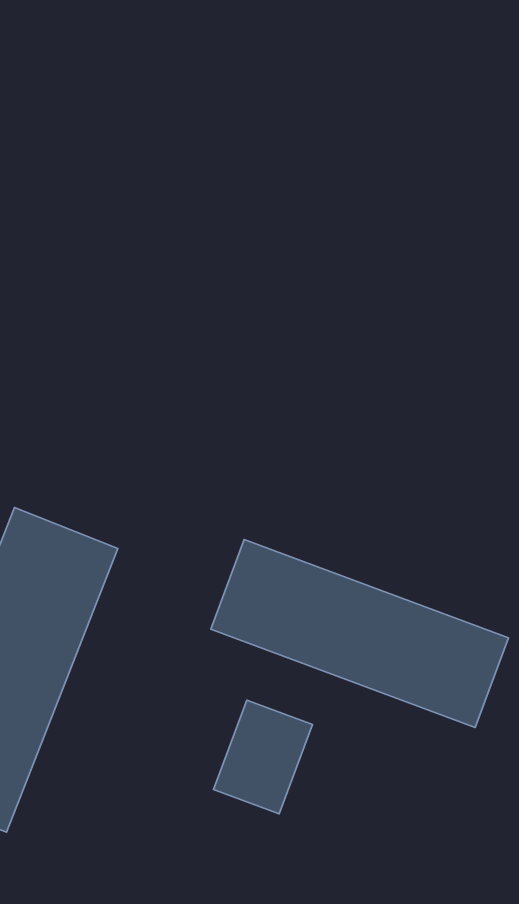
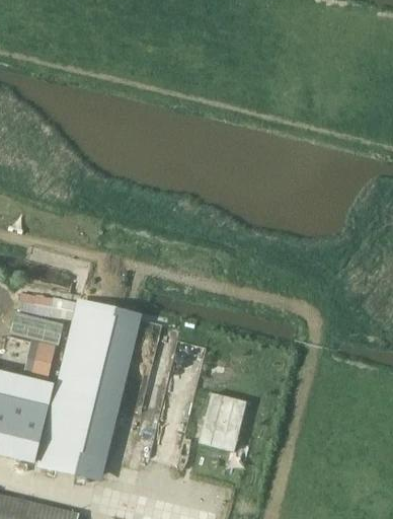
building: [211,540,508,728] -> none

